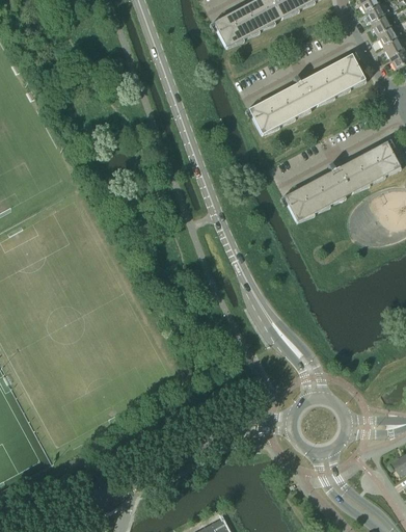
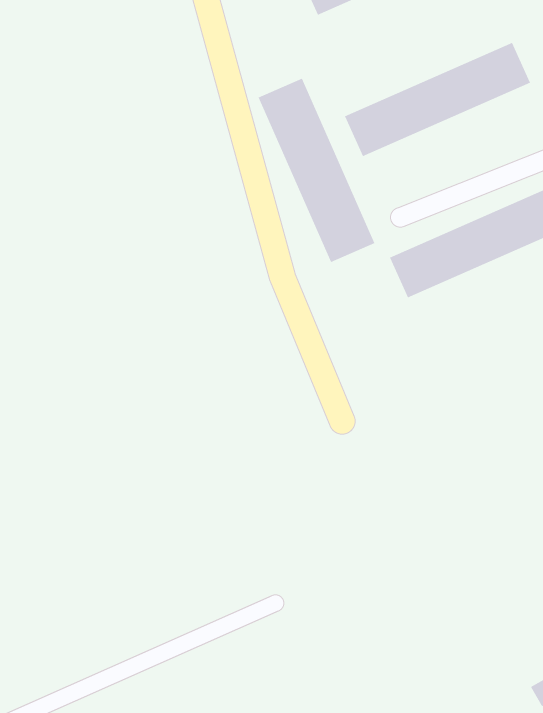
building: none -> [258,78,375,263]

